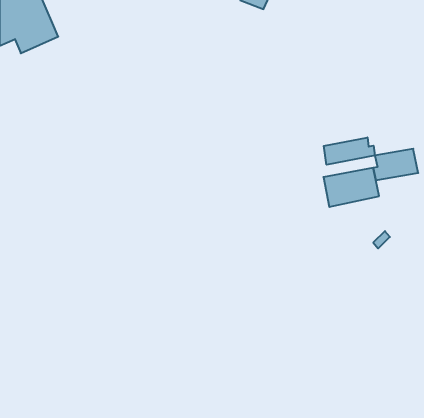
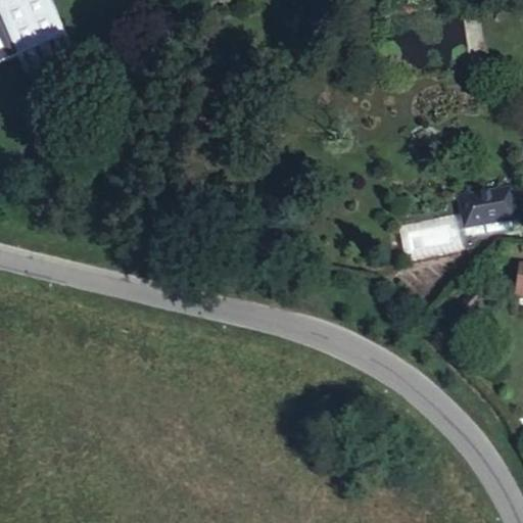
building: [324,137,375,165] -> none

